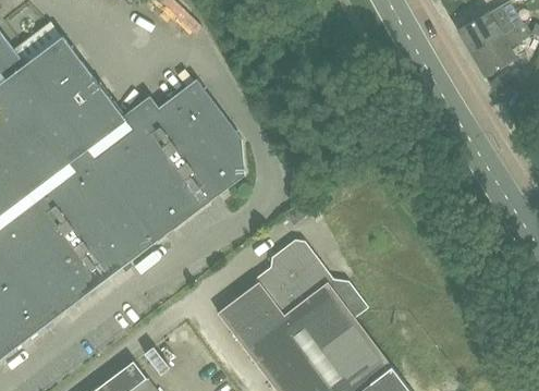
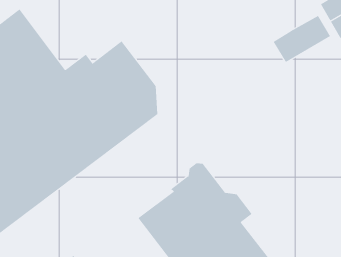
building: none -> [273,15,331,63]

